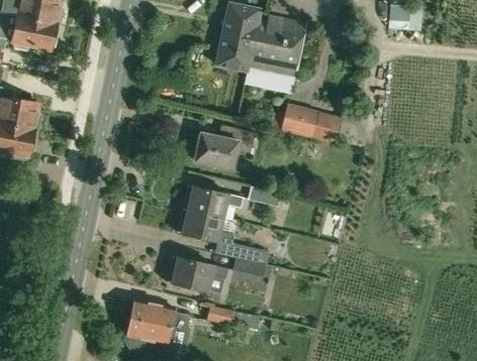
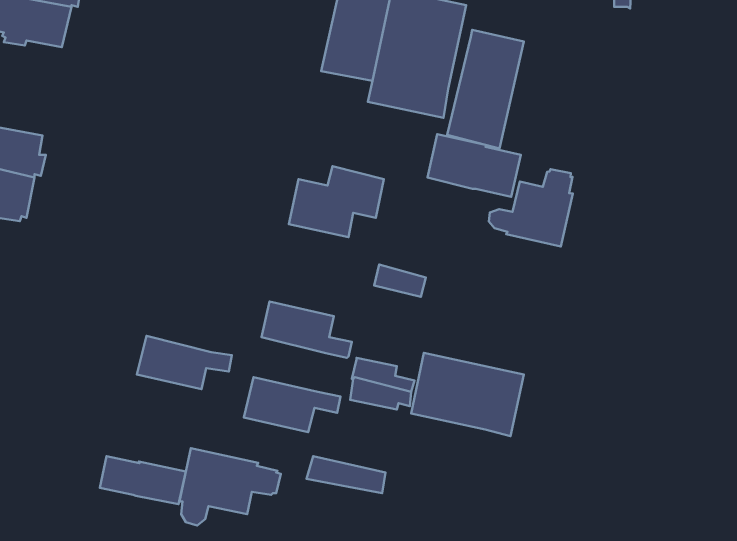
building: none -> [447,30,524,149]
building: none -> [489,169,573,247]
building: [182,185,242,218] -> [137,336,232,389]
building: none -> [411,353,524,436]
building: none -> [100,456,186,504]

